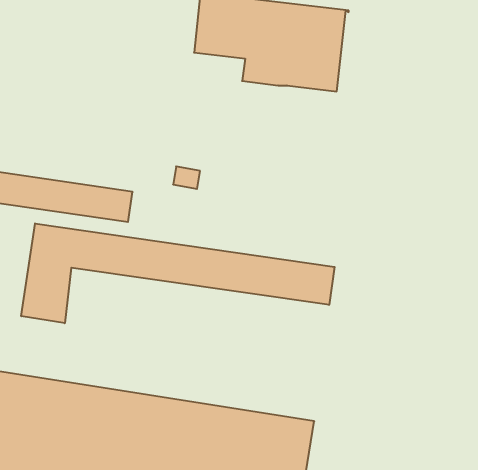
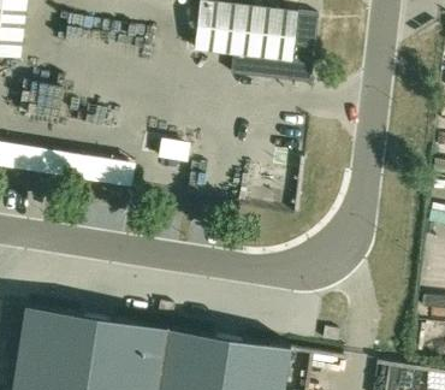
building: [21,223,335,323] -> none

